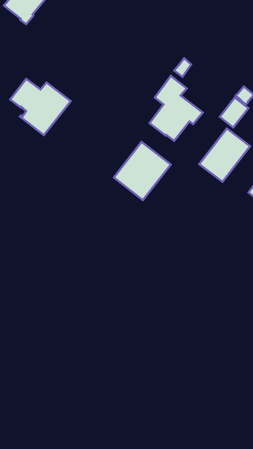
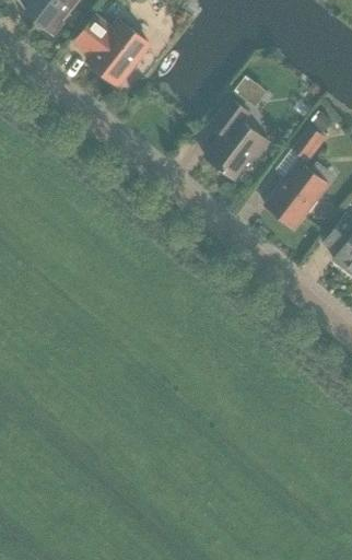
building: [10,79,71,135] -> [77,18,151,86]
building: [114,142,171,200] -> none

